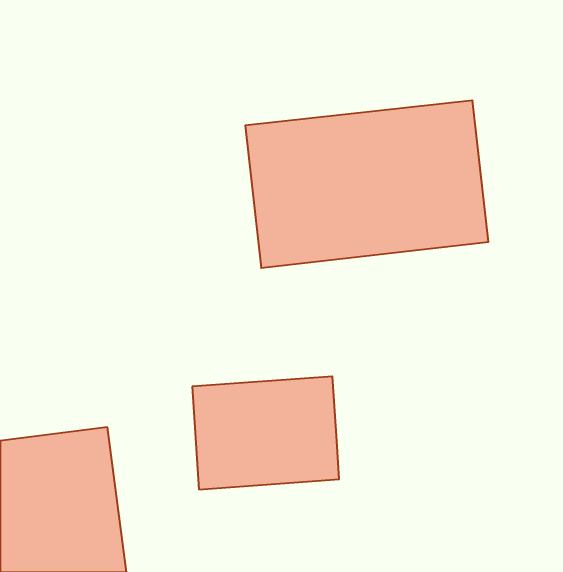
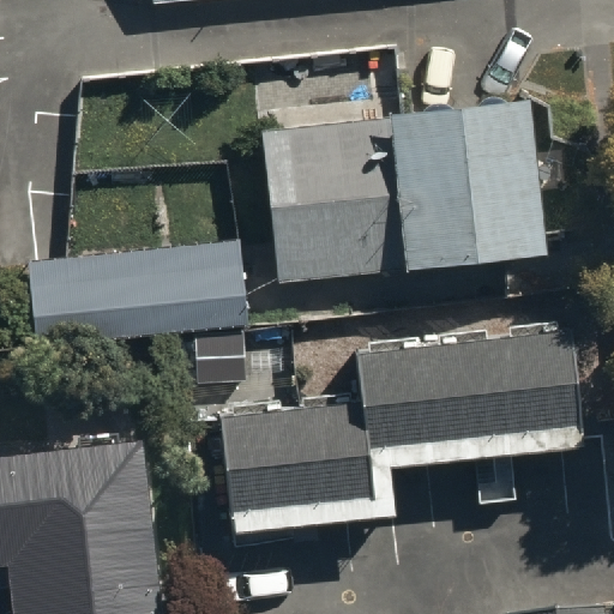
building: none -> [30,234,252,338]
building: none -> [362,326,582,468]

